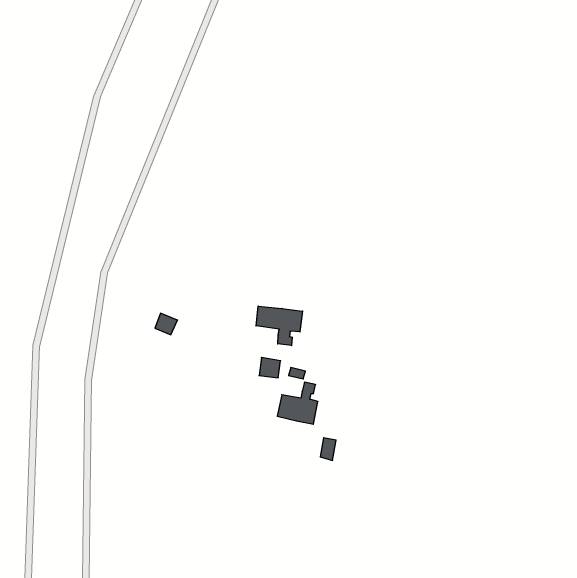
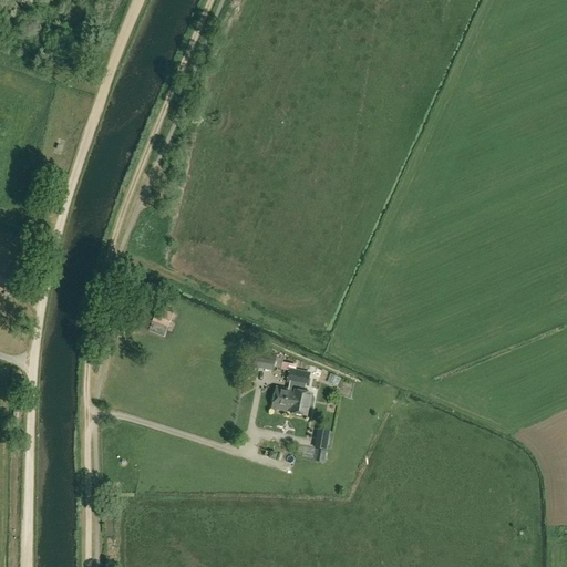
building: [256,306,303,346] -> none

